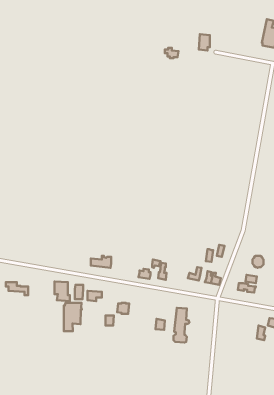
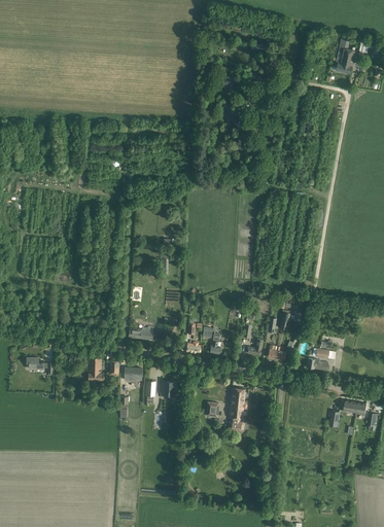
building: [64,303,82,331] -> none

